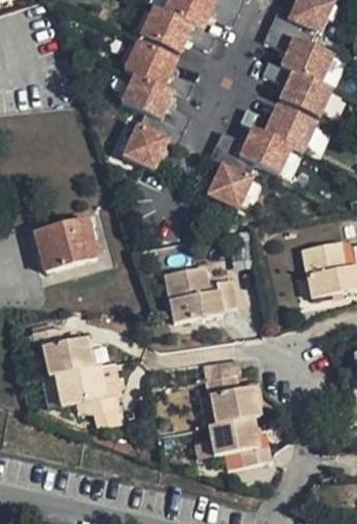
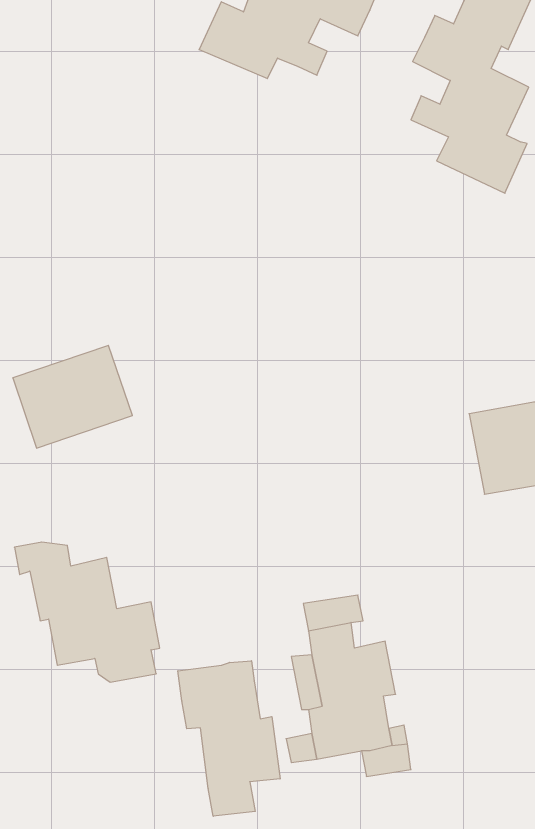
building: [123,37,194,167] -> none
building: [210,103,321,209] -> none
building: [166,265,234,322] -> none
building: none -> [178,661,280,816]

